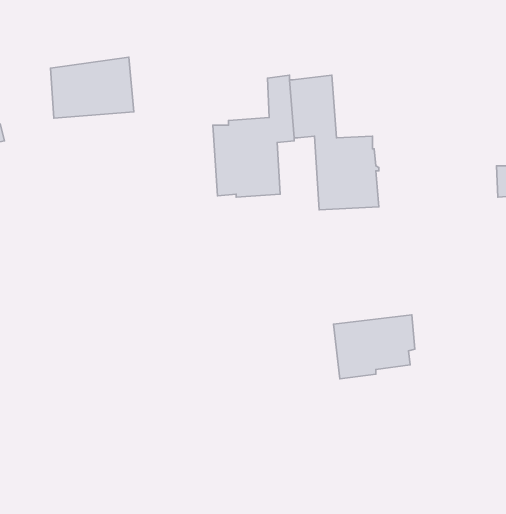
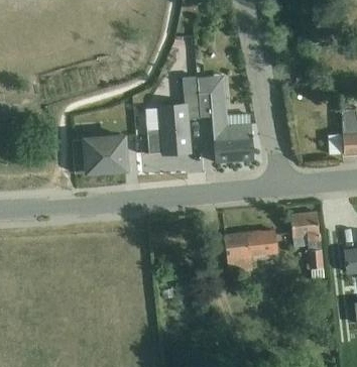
building: [51,57,134,118] -> [73,134,126,173]
building: none -> [290,213,325,278]

